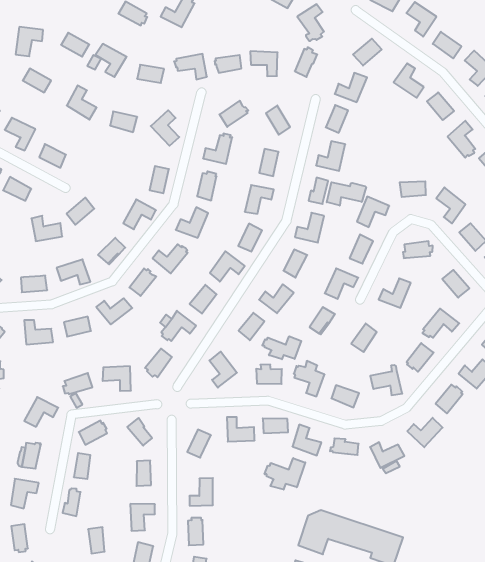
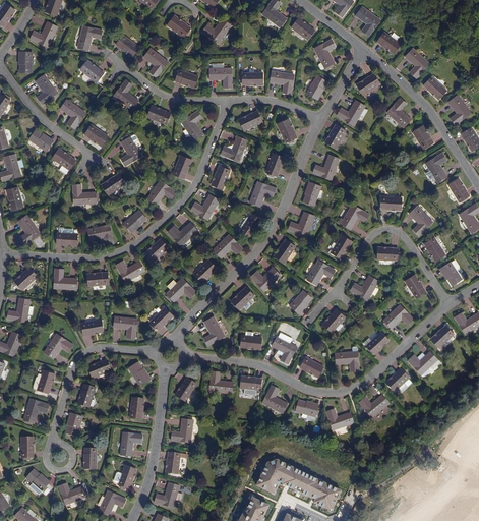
building: none -> [121,134,142,166]
building: [327,182,366,206] -> none
building: [262,336,301,359] -> none
building: [265,458,305,490] -> none

